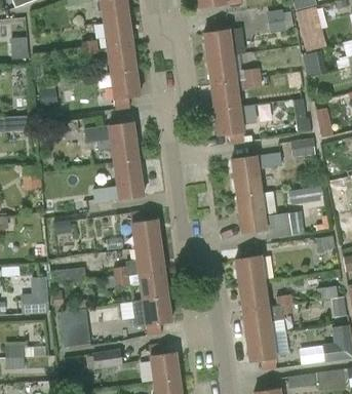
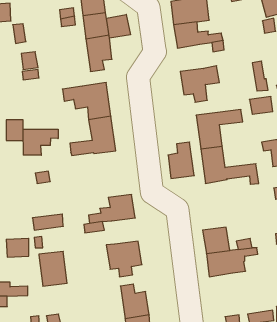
building: none -> [107,14,130,38]
building: [210,80,239,110] -> none
building: none -> [23,129,58,155]
building: [129,210,160,248] -> none
building: [235,244,264,284] -> [168,142,194,178]
building: [139,271,167,300] -> none
building: [245,331,276,369] -> none
building: [85,349,122,369] -> none

